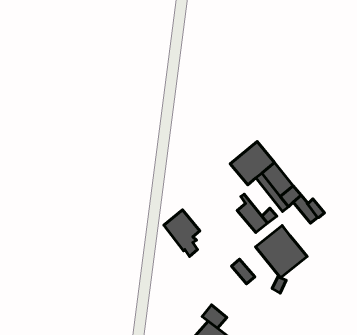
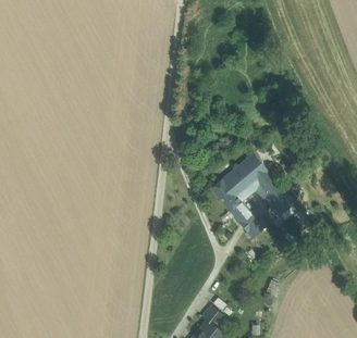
building: [164,210,200,257] -> [210,174,244,217]
building: [256,226,307,278] -> none

